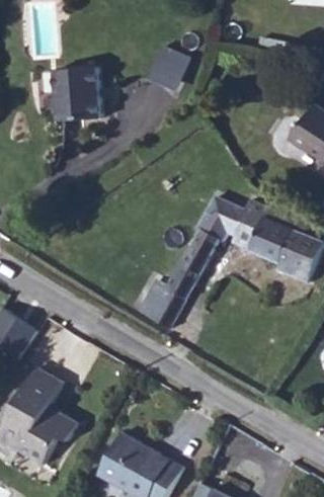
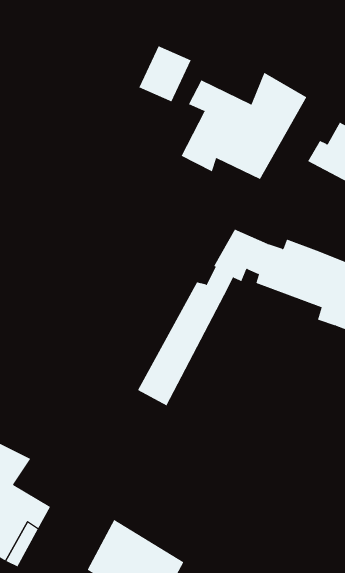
building: none -> [181,72,307,180]
building: [50,71,104,126] -> none

